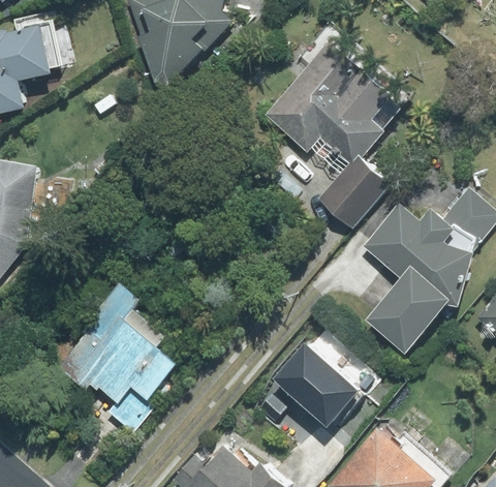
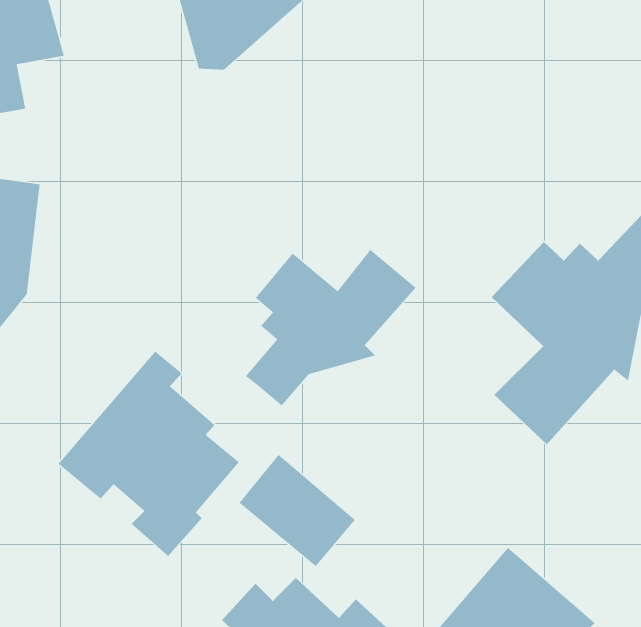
building: [267,39,408,224] -> none
building: none -> [245,249,416,407]
building: [276,340,361,422] -> [238,454,356,567]

